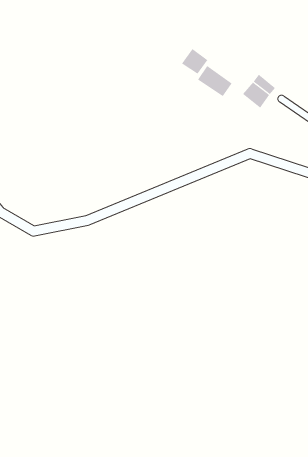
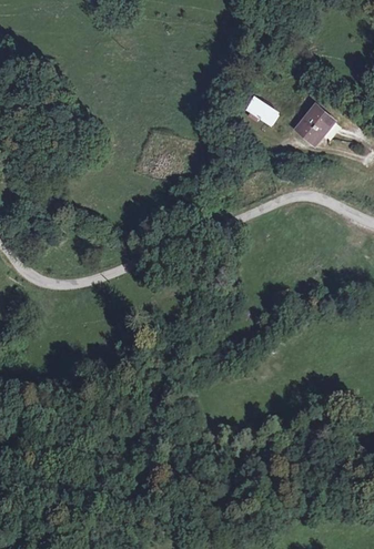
building: [181,48,208,75] -> none

